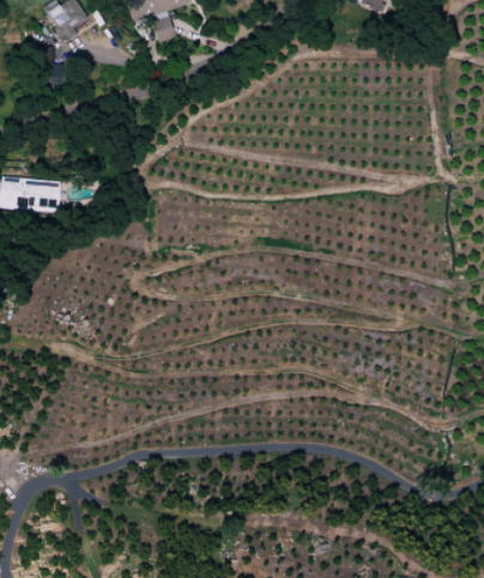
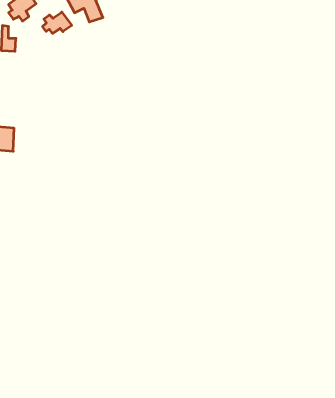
building: none -> [43,12,72,33]

